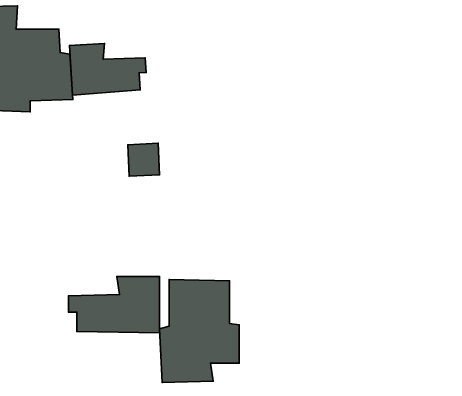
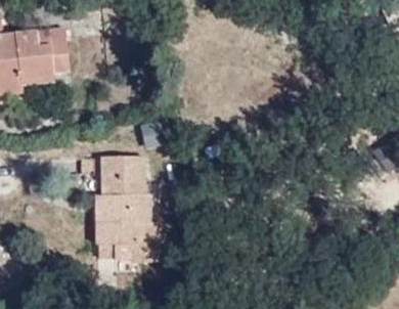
building: [69,44,146,95] -> none
building: [159,279,239,383] -> [90,157,149,233]

